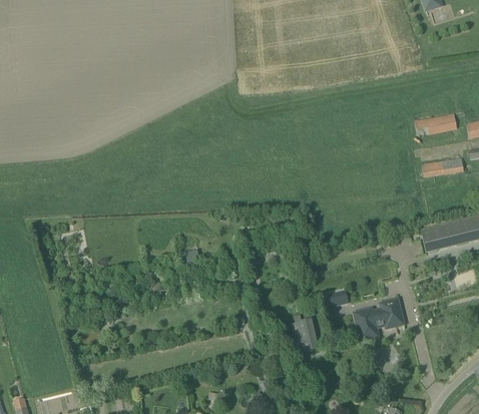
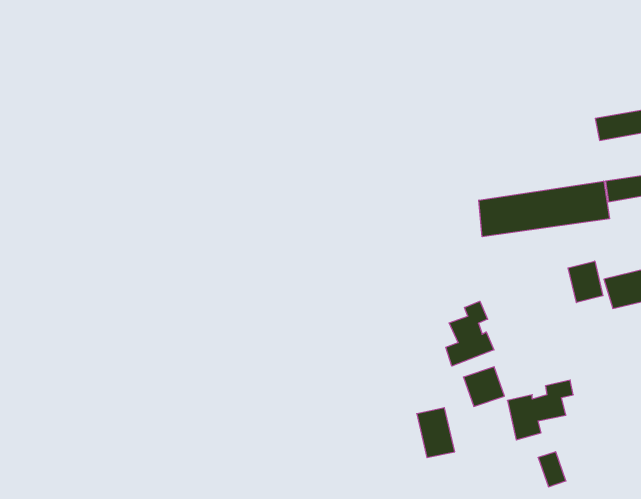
building: none -> [479,181,609,237]
building: none -> [568,261,603,303]
building: none -> [446,301,494,366]

